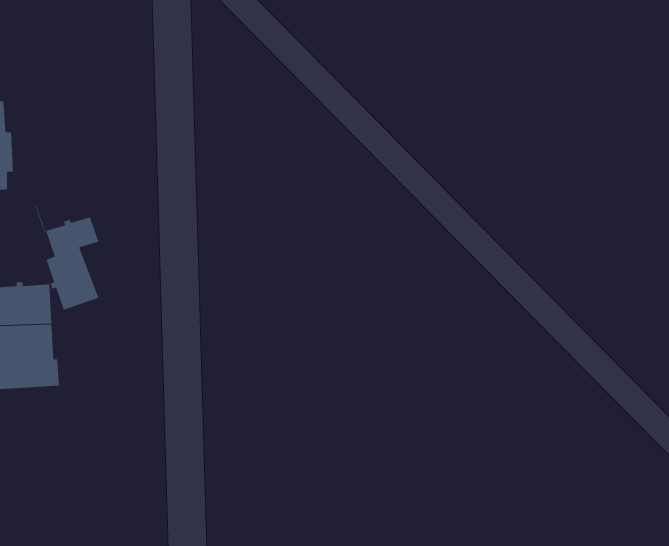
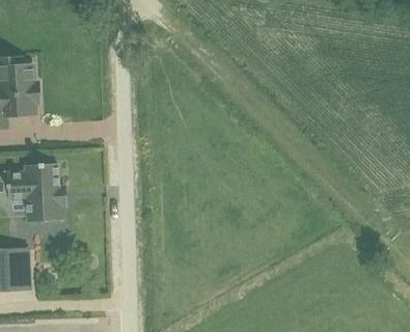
building: [35,205,99,311] -> none

